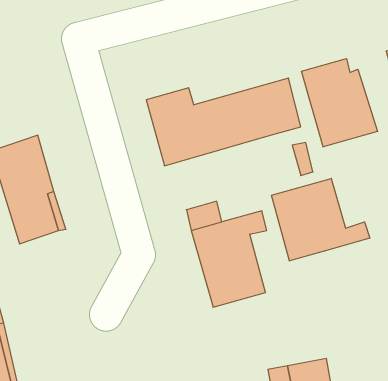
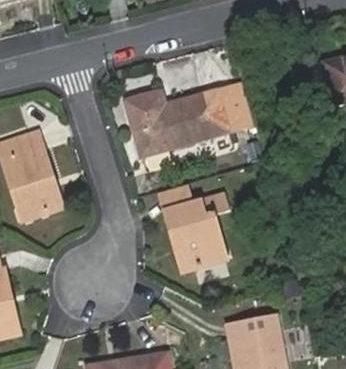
building: [302,59,377,147] -> none
building: [272,178,370,261] -> none

